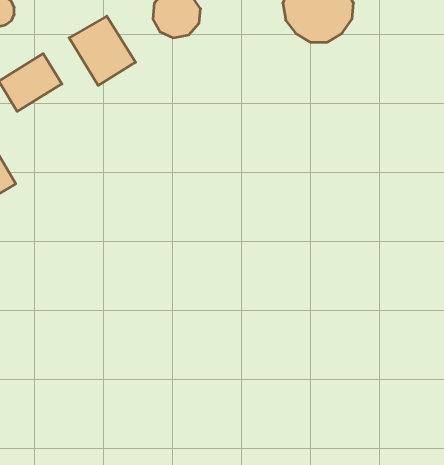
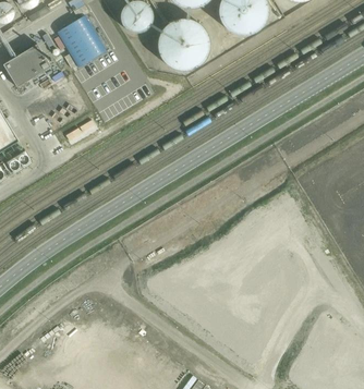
building: none -> [158,16,210,69]

